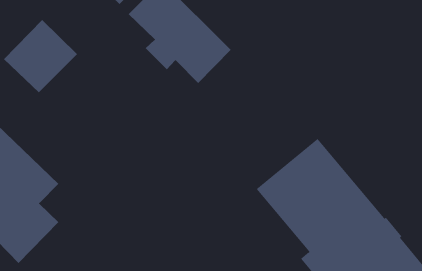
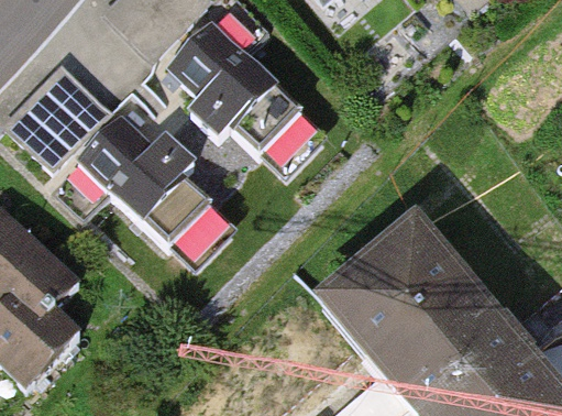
building: none -> [77,109,210,241]

